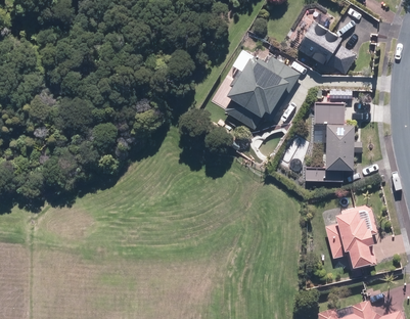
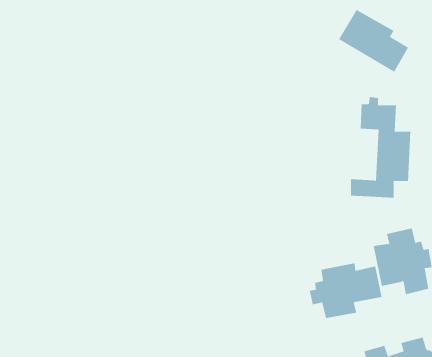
building: [223,47,300,130] -> none
building: none -> [309,262,382,319]

